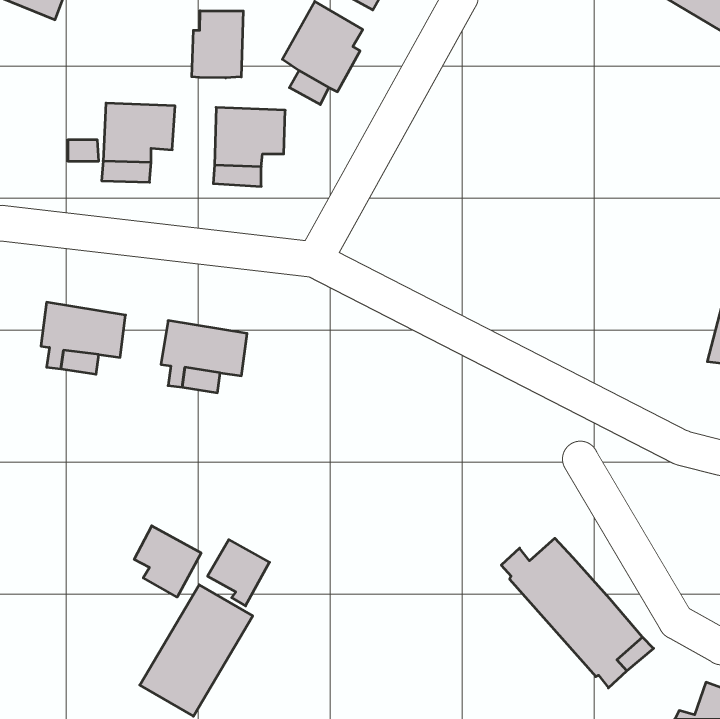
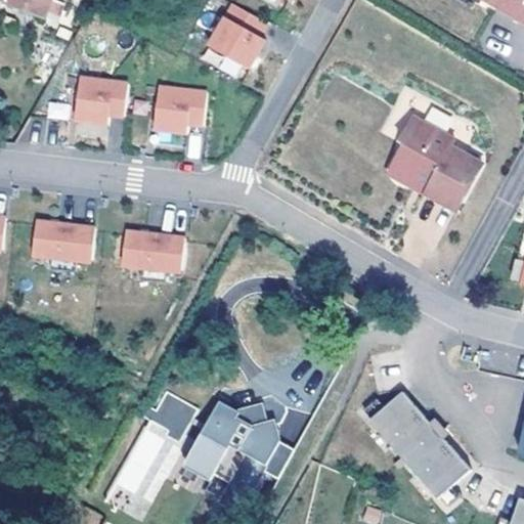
building: [192,11,243,78] -> none
building: none -> [388,115,479,208]
building: [134,526,201,597] -> none
building: none -> [184,399,294,505]

